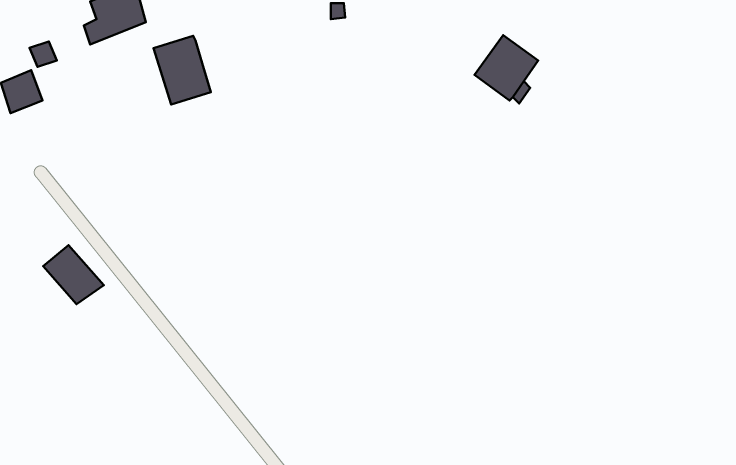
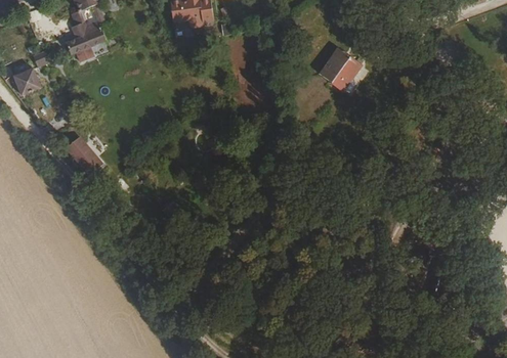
building: [154,36,211,105] -> none
building: [43,245,104,304] -> [64,140,102,178]

